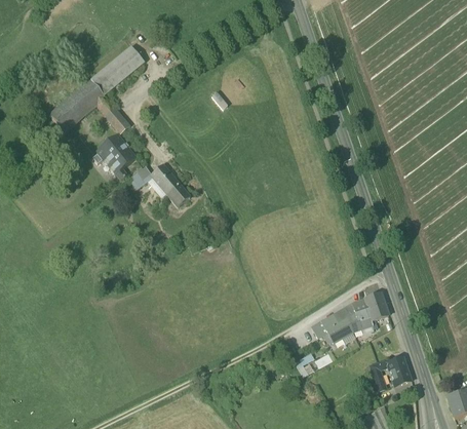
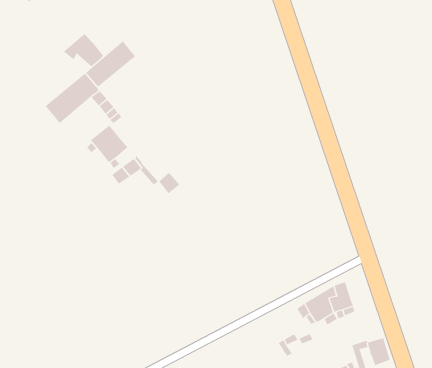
building: none -> [63,33,104,67]
building: [151,162,180,192] -> none
building: [364,290,389,319] -> none

